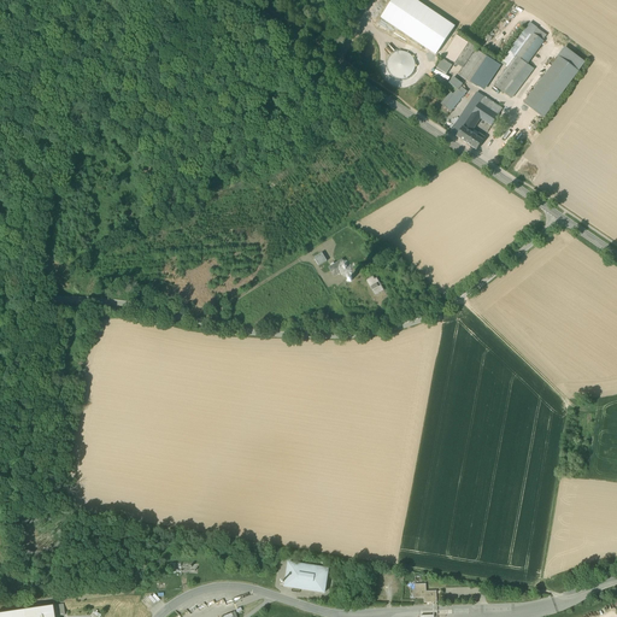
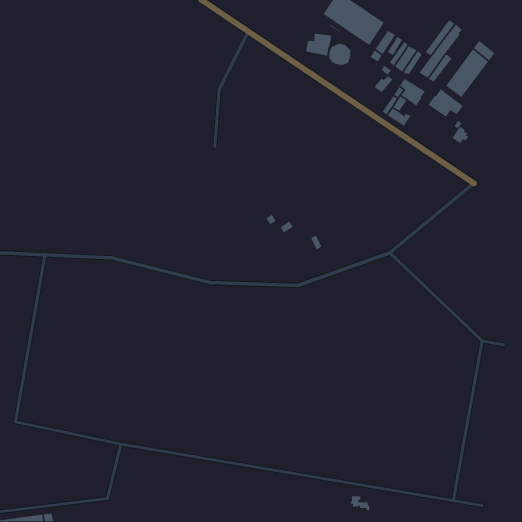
building: none -> [305,33,332,56]
building: none -> [427,88,464,118]
building: [283,562,327,592] -> none

